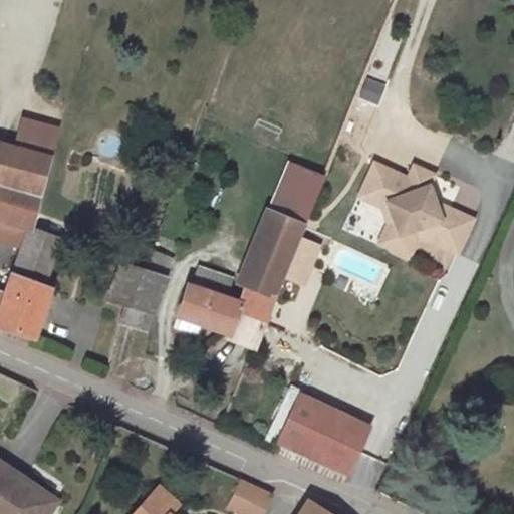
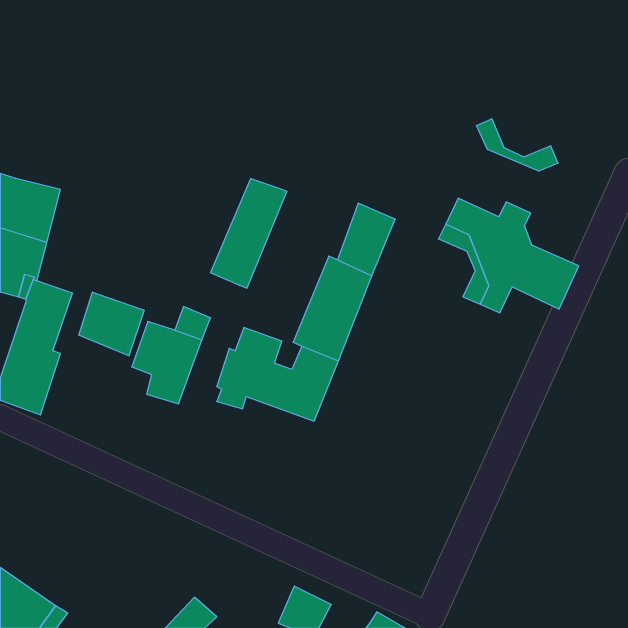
building: none -> [477,119,558,171]
building: [14,120,57,155] -> none
building: none -> [210,178,287,288]
building: none -> [79,292,144,356]
building: [273,394,369,482] -> none

